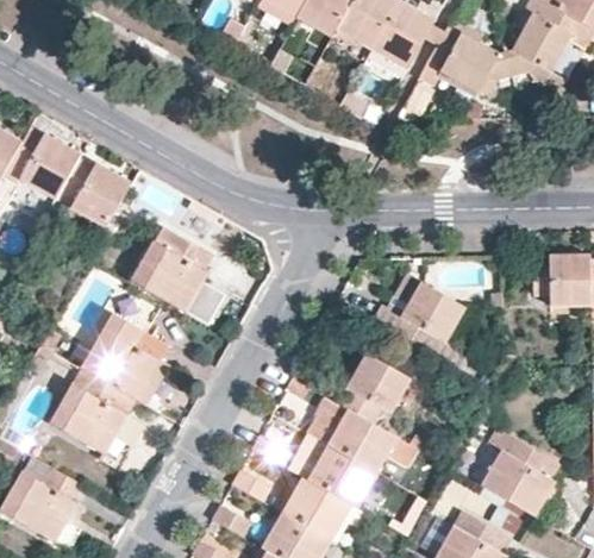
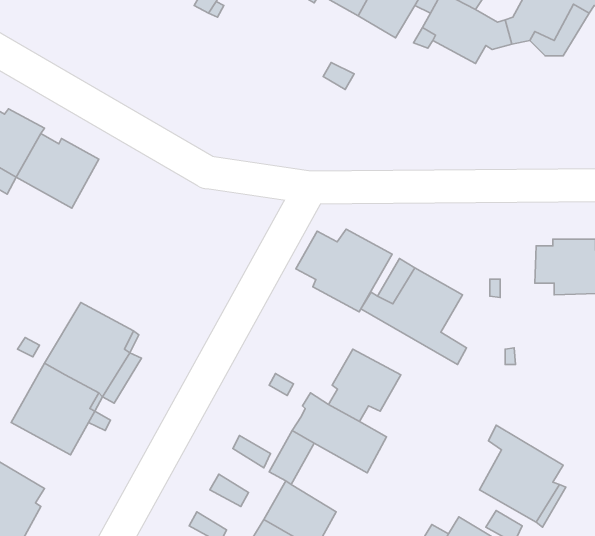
building: [132,226,229,325] -> none
building: none -> [296,229,392,312]
building: [308,443,379,509] -> none

